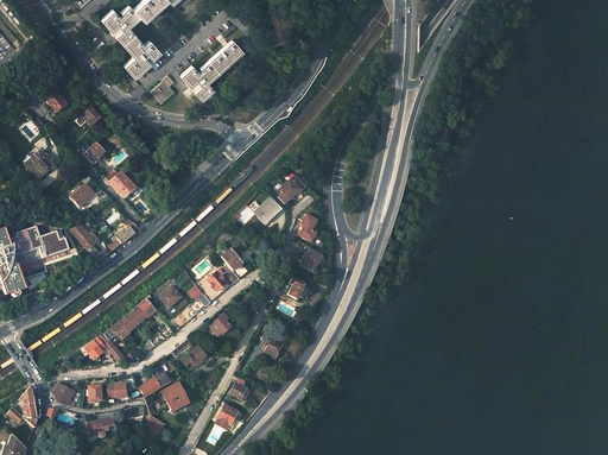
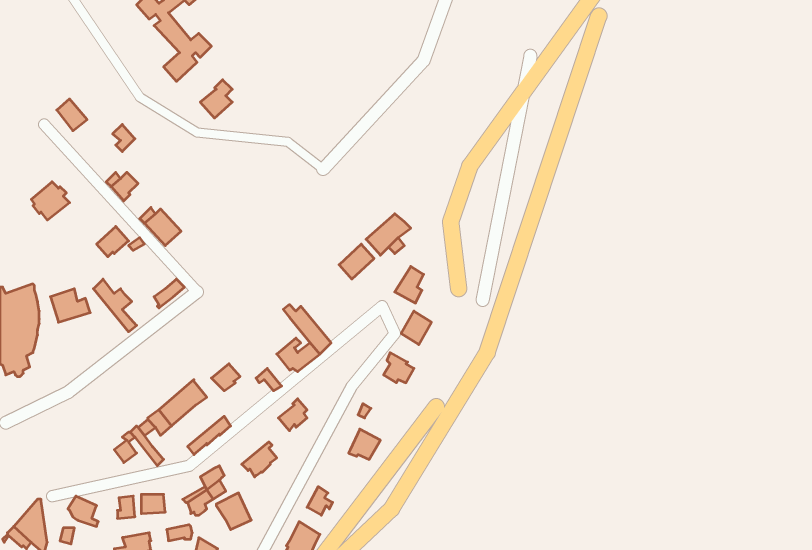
building: [182,40,242,99] -> none

